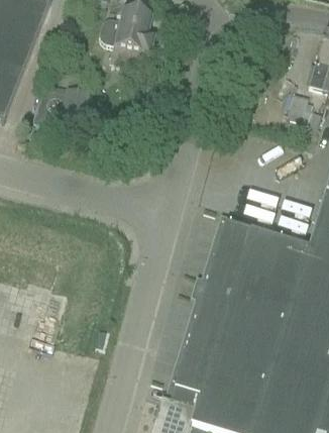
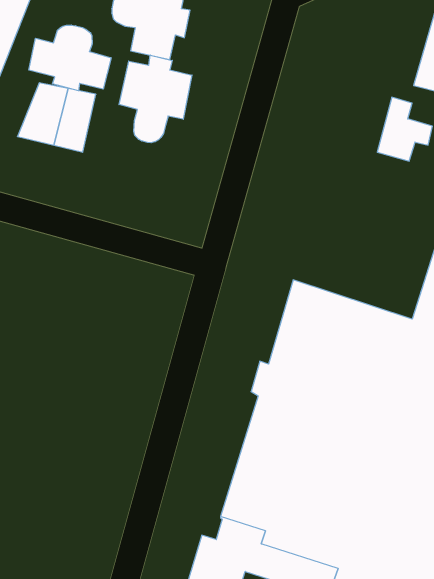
building: none -> [29,25,111,91]
building: none -> [119,55,192,143]

